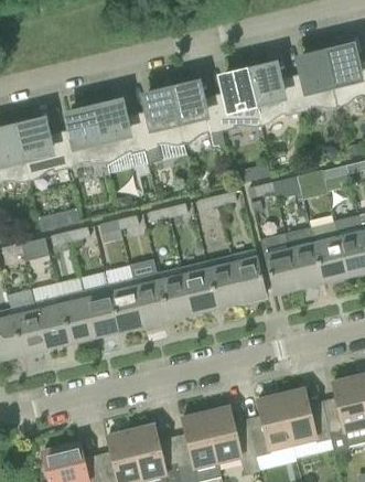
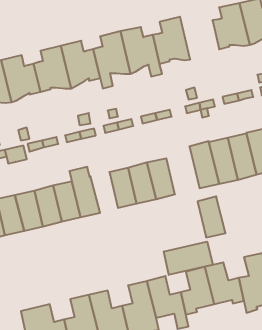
building: [248,65,299,126] -> none
building: [230,247,267,300] -> [198,196,226,237]
building: [132,271,168,324] -> none
building: none -> [164,242,213,275]

